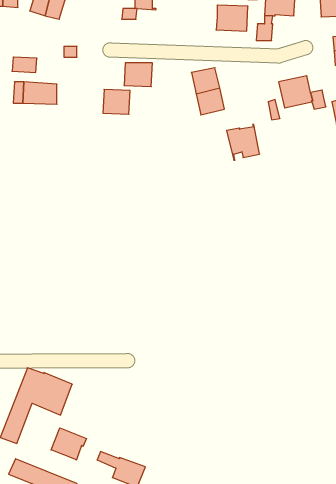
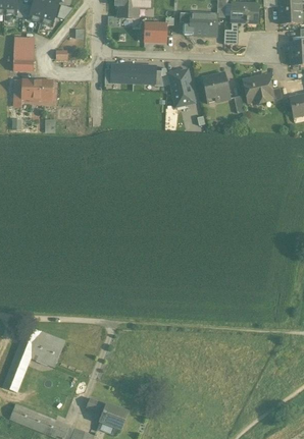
building: none -> [143,22,166,43]
building: none -> [13,37,35,59]
building: [103,89,130,114] -> [133,63,156,85]
building: [227,125,260,160] -> [201,72,230,103]
building: [51,428,87,460] -> none

